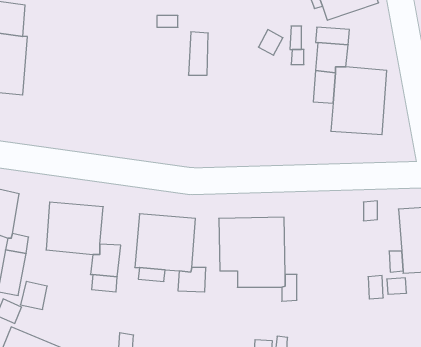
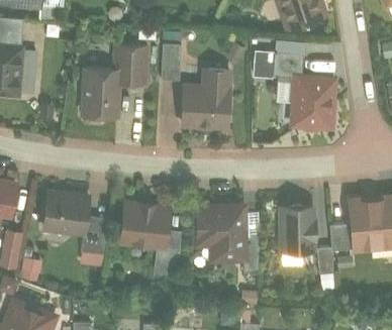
building: none -> [79,41,146,124]
building: none -> [180,64,230,131]
building: none -> [278,203,315,253]

